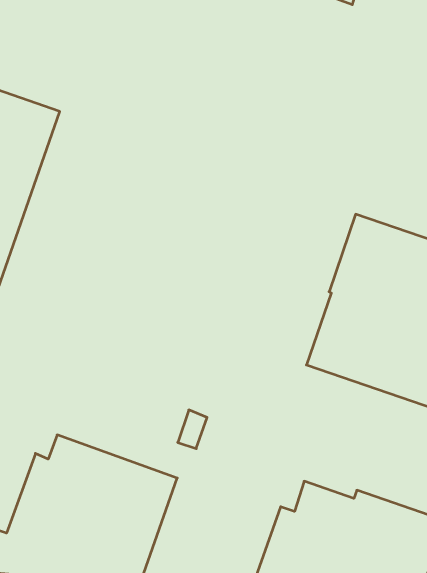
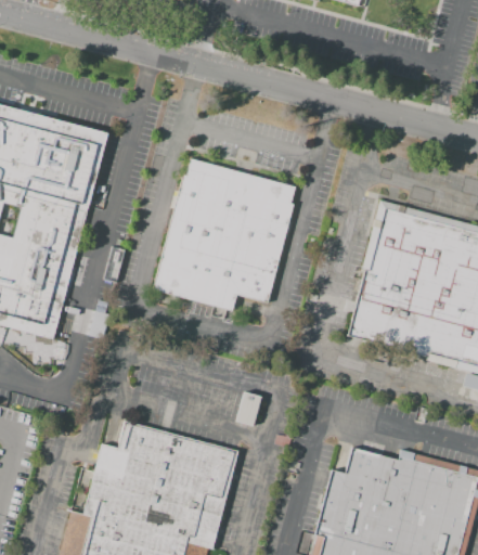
building: none -> [154,158,300,312]

